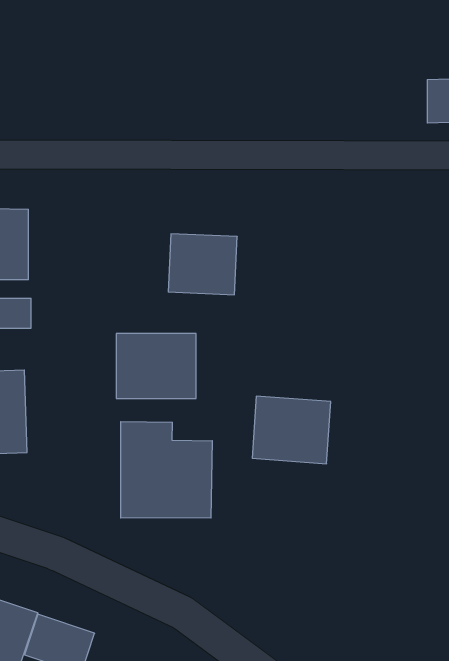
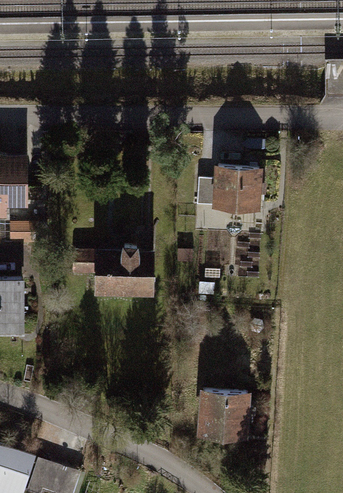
building: [168,234,237,295] -> [209,166,260,211]
building: [252,396,331,464] -> [193,391,251,441]
building: [121,422,212,518] -> none

